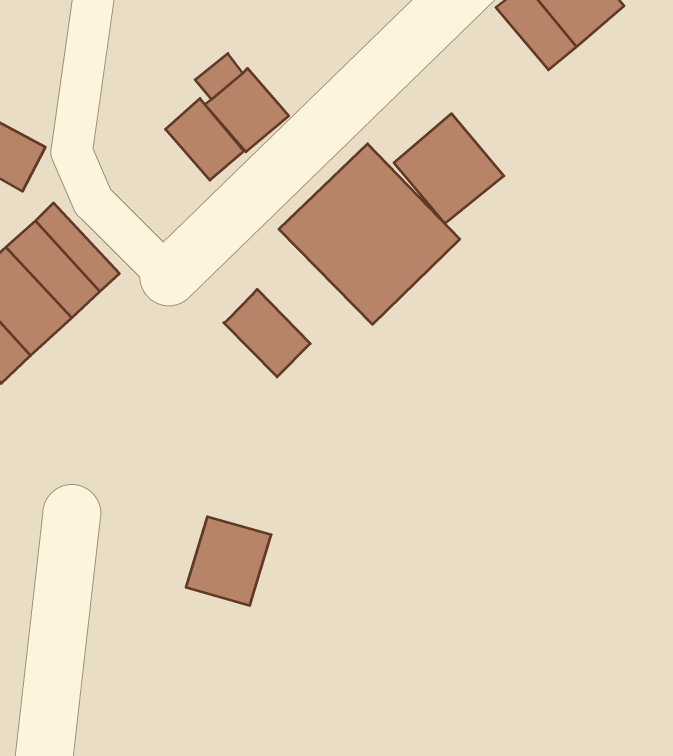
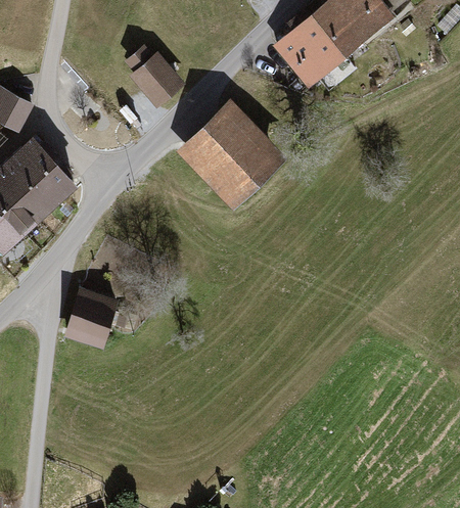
building: [165,98,244,180] -> none
building: [394,114,504,224] -> [275,16,343,85]
building: [224,289,310,377] -> none
building: [186,517,271,605] -> [72,289,125,344]

